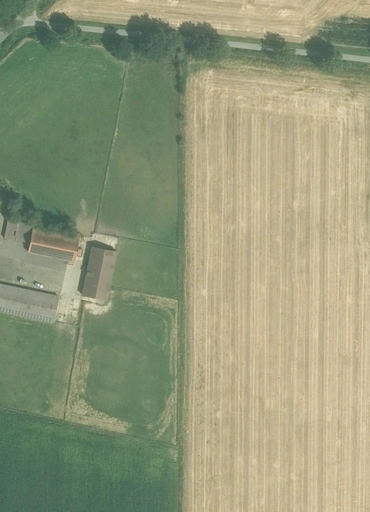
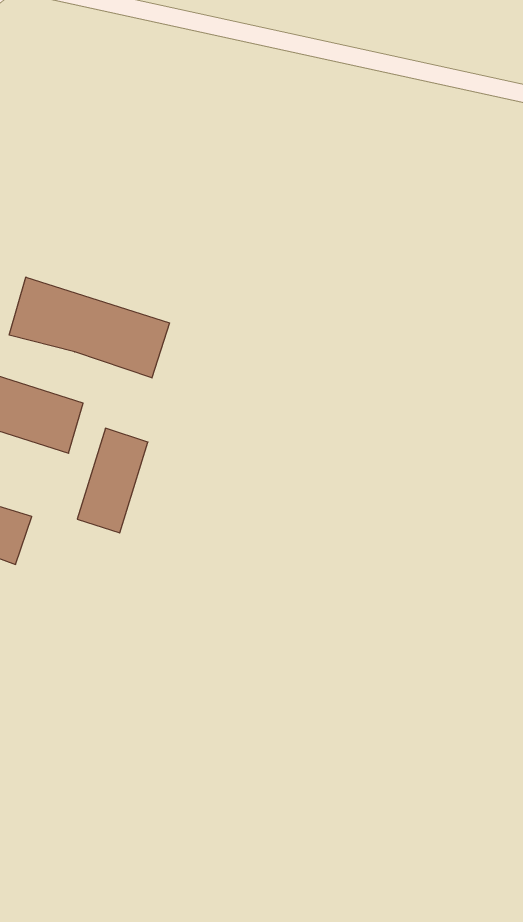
building: none -> [9,277,170,378]

